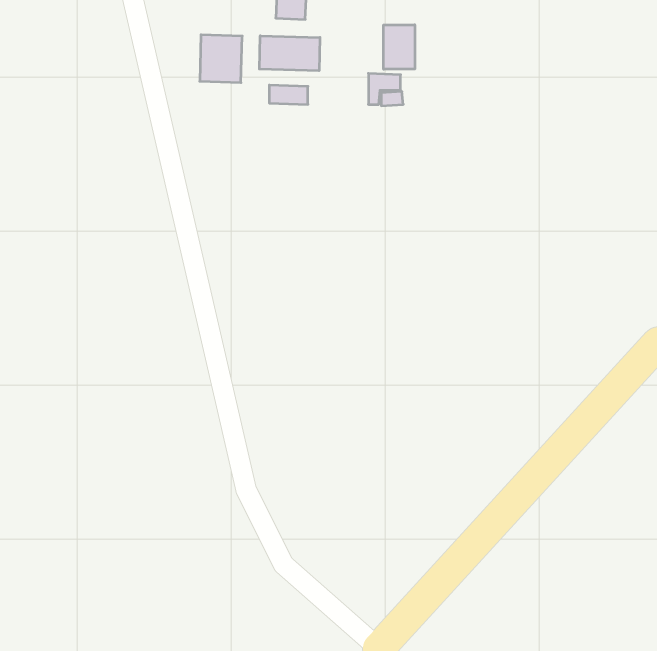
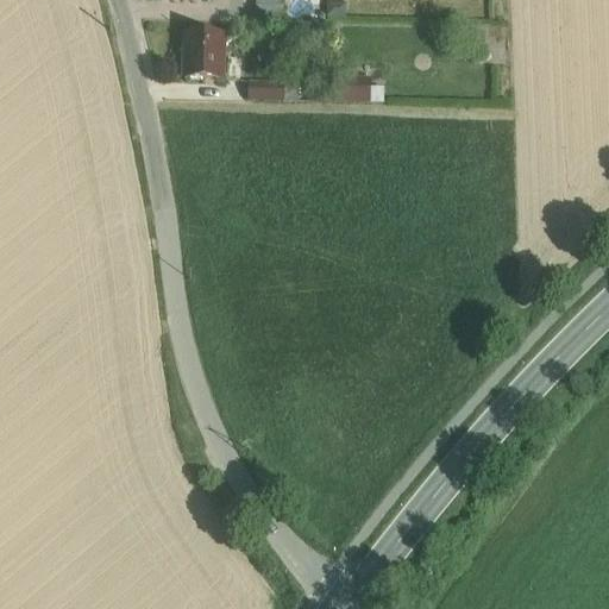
building: [384,25,415,69] -> none
building: [259,36,320,71] -> none

